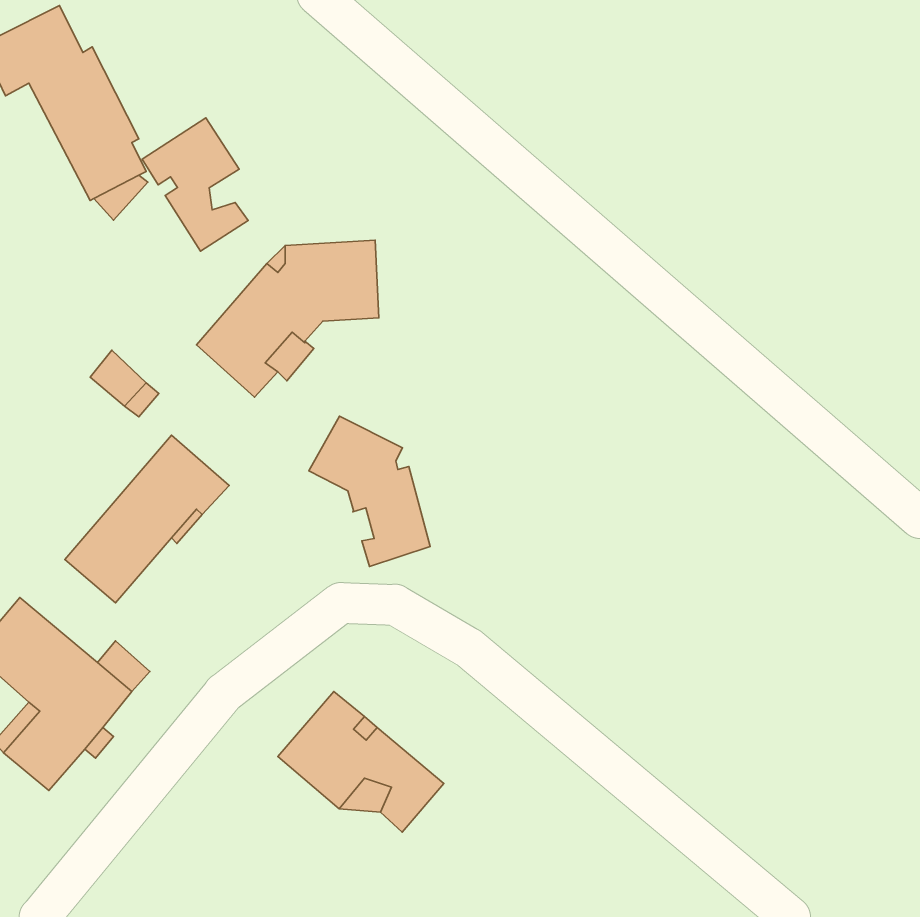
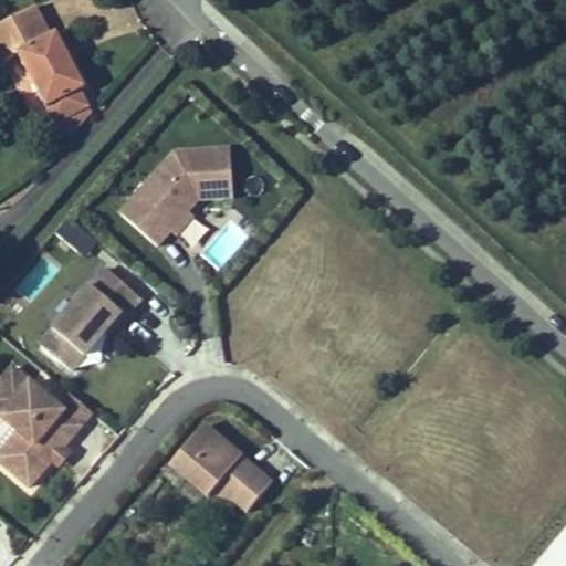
building: [142,118,248,251] -> none
building: [309,416,430,566] -> none

